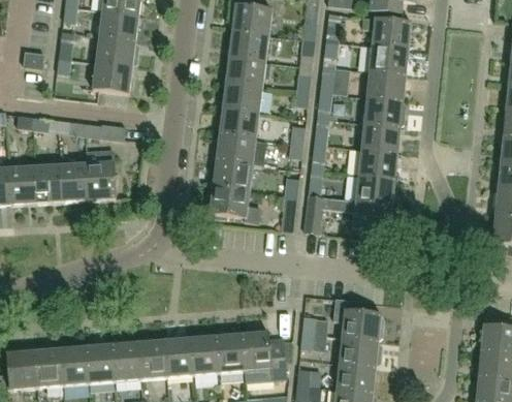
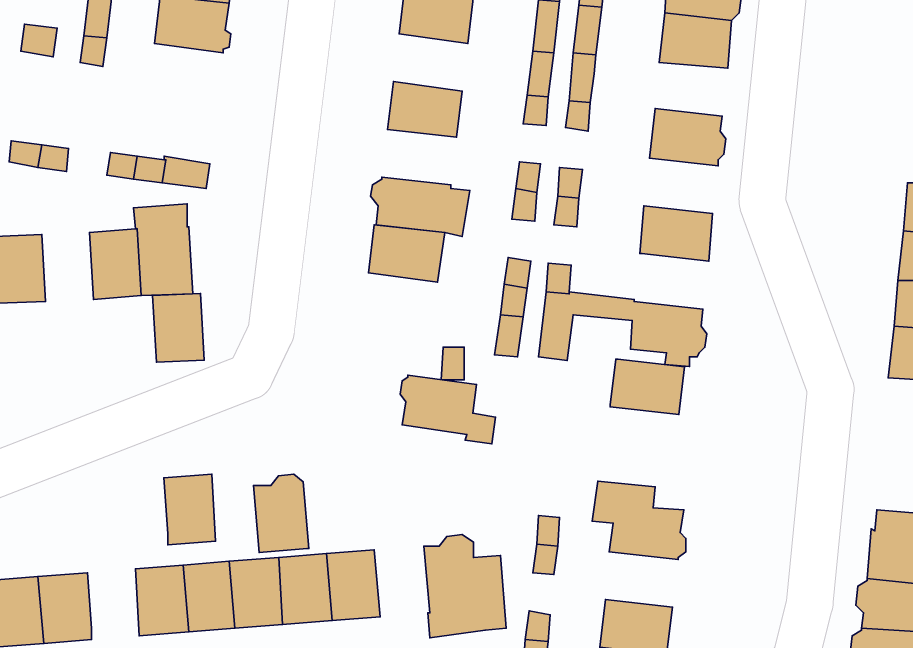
building: [225,57,265,88] -> none
building: [93,62,133,93] -> none
building: [366,72,406,101] -> none
building: [219,109,259,138] -> none
building: [360,124,401,154] -> none
building: [35,164,63,202] -> [153,293,204,362]
building: [355,176,395,206] -> [610,359,685,414]
building: [207,186,259,223] -> [400,375,496,444]
building: [215,330,245,372] -> [254,474,309,552]
building: [340,337,381,367] -> none
building: [60,346,88,384] -> [164,474,216,545]

